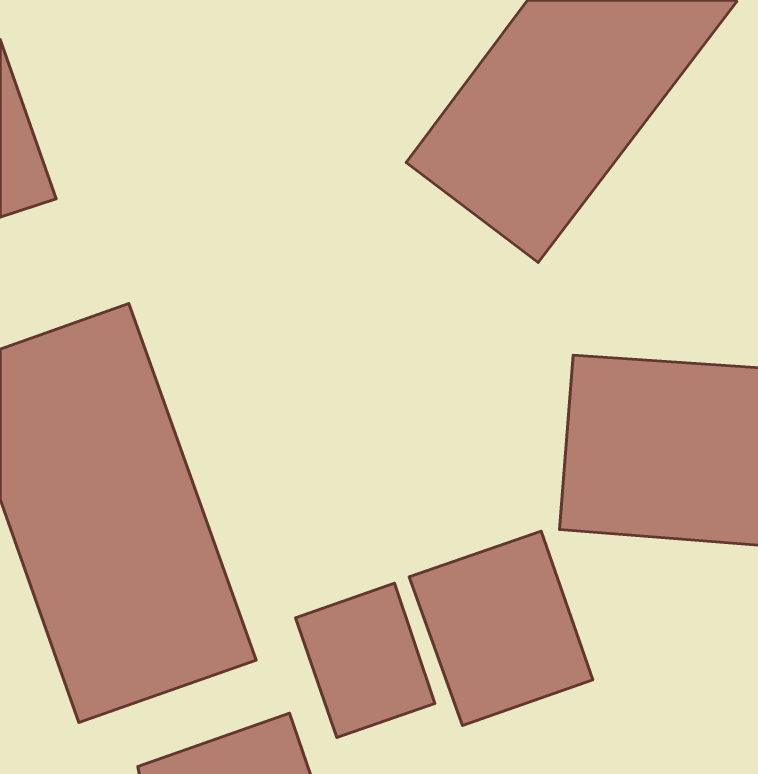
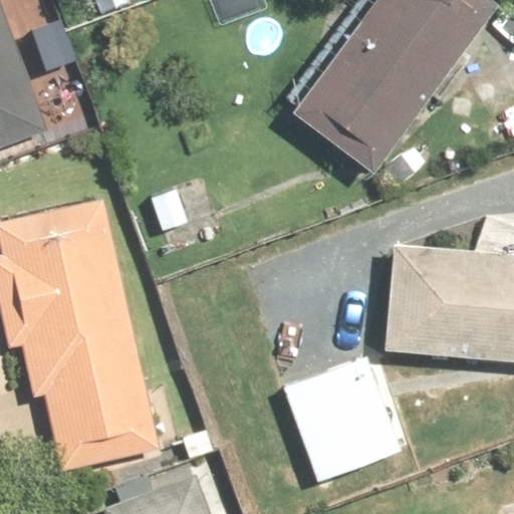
building: [295,583,435,738] -> none

